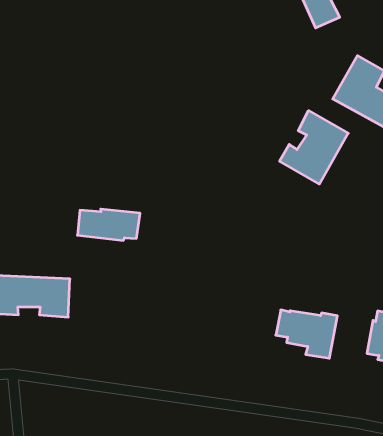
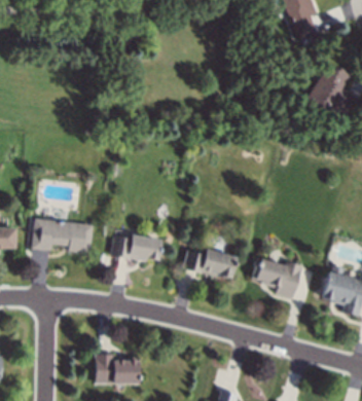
building: [280,111,348,184] -> none
building: [77,209,140,240] -> [111,235,161,261]
building: none -> [183,250,238,281]

